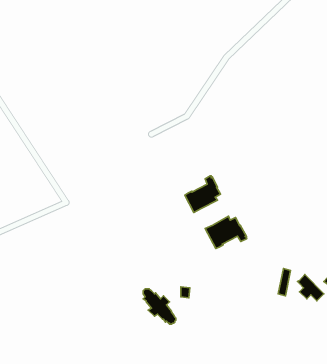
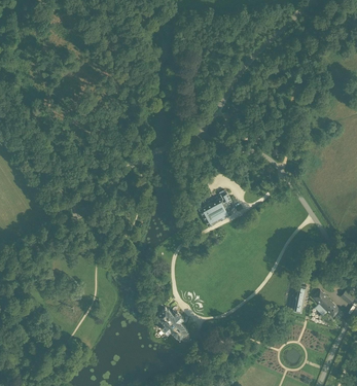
building: [205,216,247,248] -> none

